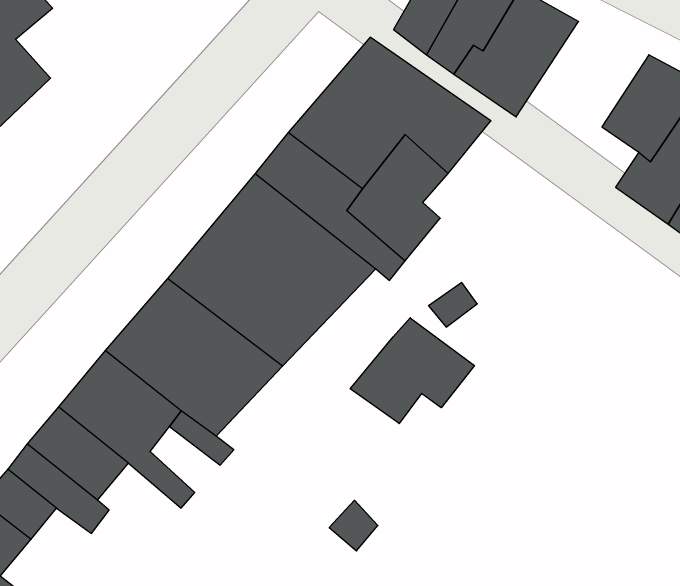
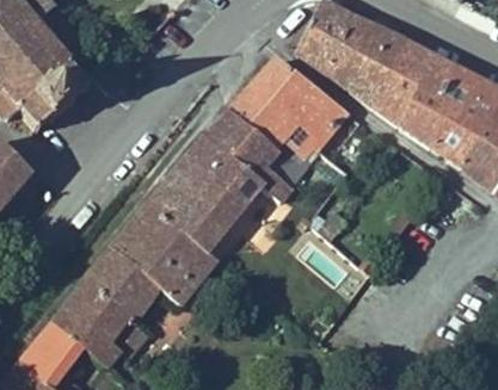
building: none -> [367,42,448,143]
building: [350,318,474,424] -> none

